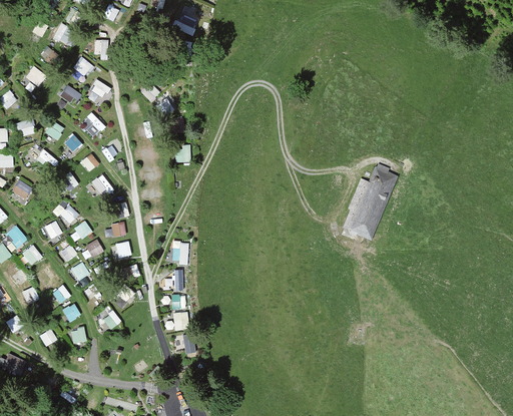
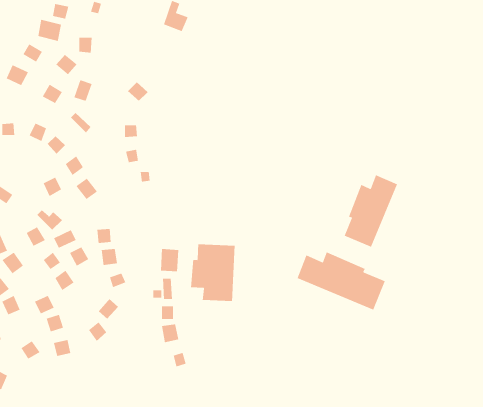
building: none -> [190,243,235,302]
building: none -> [297,251,386,310]

